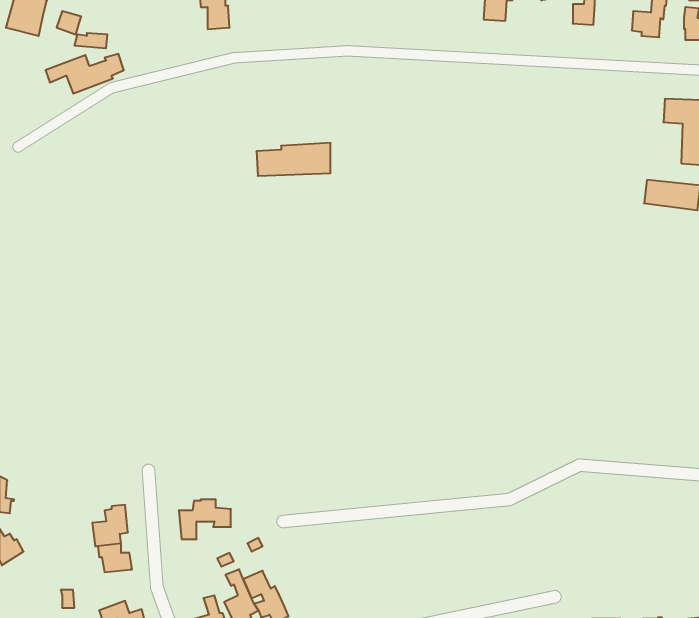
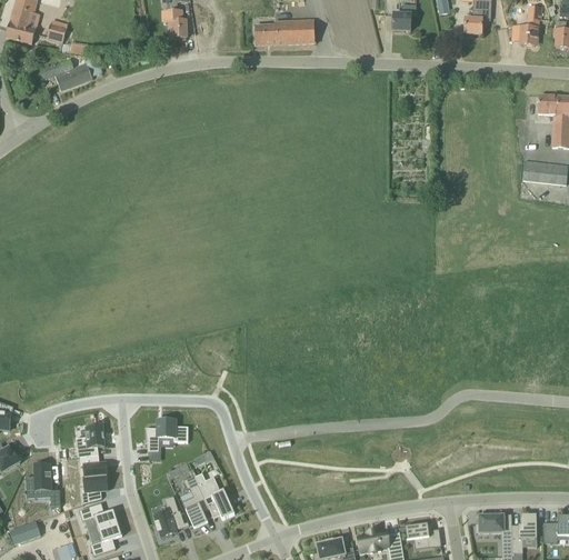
building: [256,143,331,176] -> [254,19,315,46]
building: none -> [26,462,52,498]
building: none -> [82,476,108,503]

